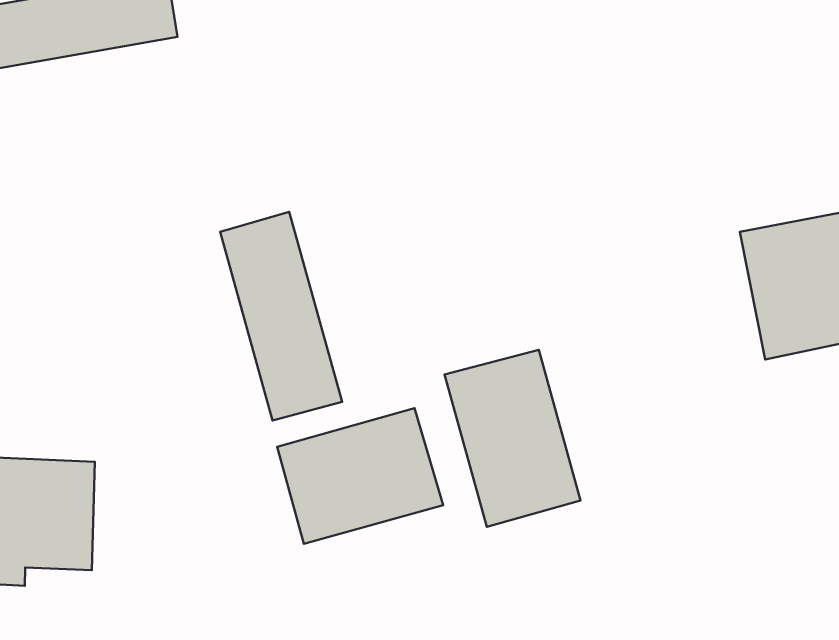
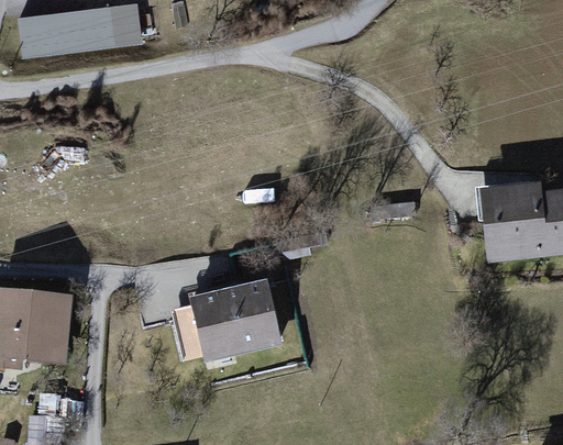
building: [220,212,342,420] -> none
building: [444,350,580,527] -> none

